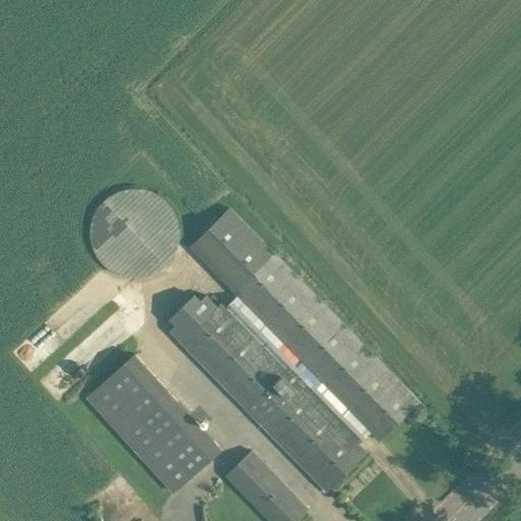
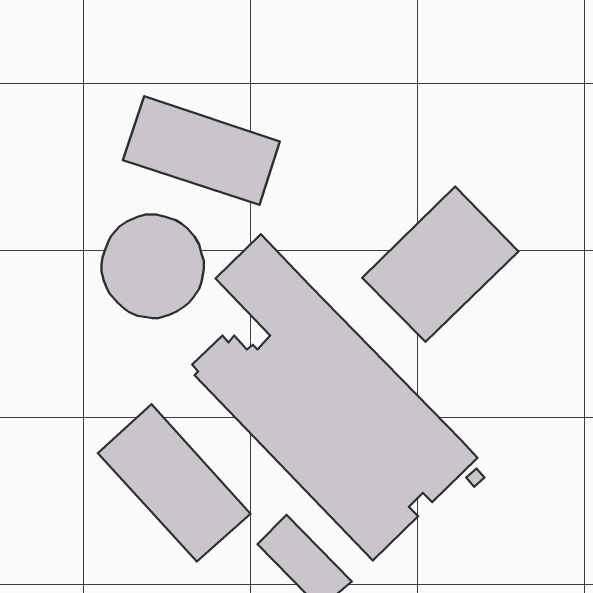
building: none -> [123,96,280,205]
building: none -> [362,186,518,342]

